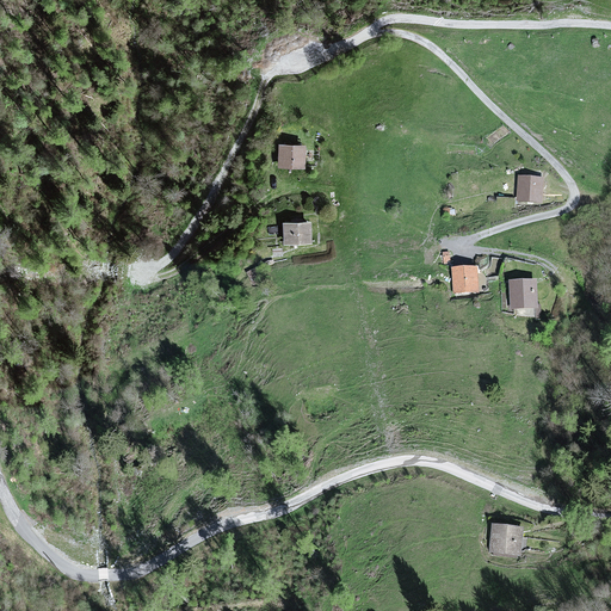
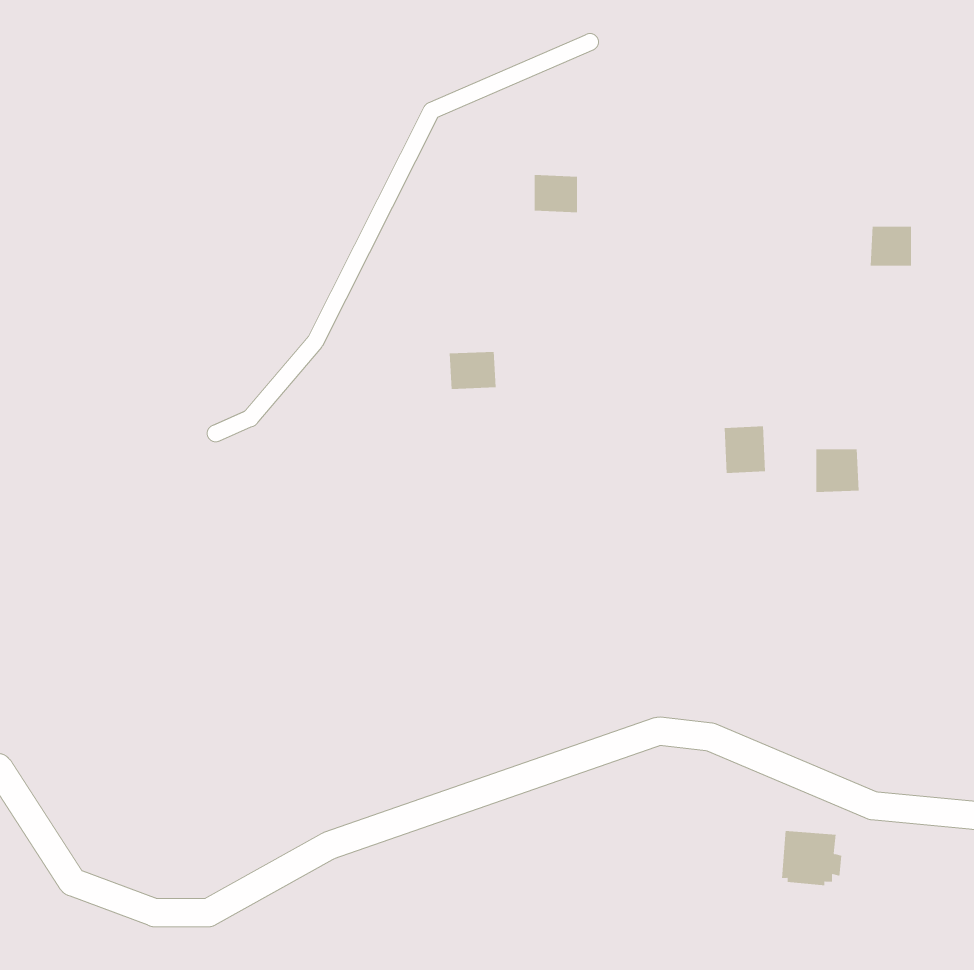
building: [277,142,304,166] -> [534,175,578,213]
building: [517,177,543,202] -> [870,226,912,266]

